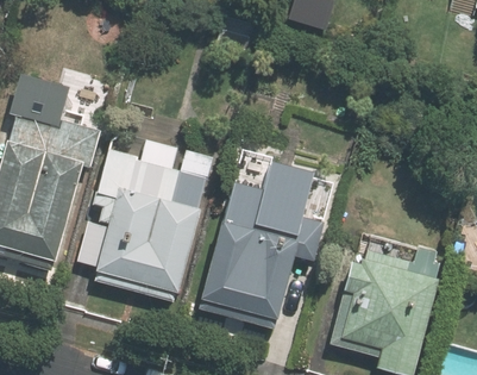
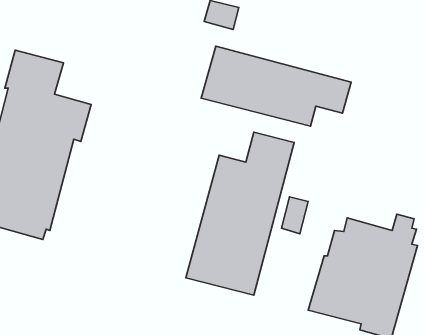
building: none -> [201,46,351,126]
building: [98,132,203,299] -> none

